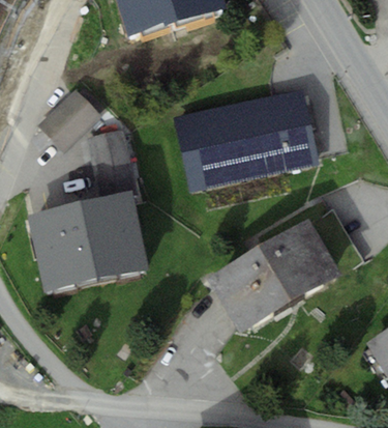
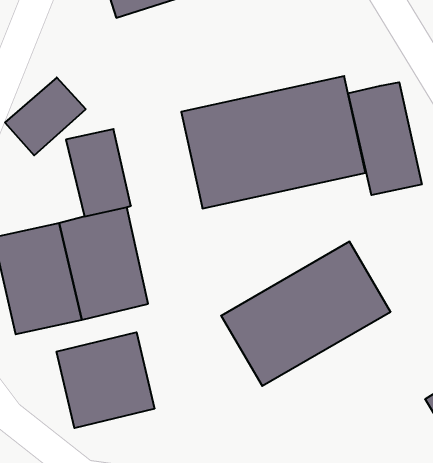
building: none -> [348,82,422,195]
building: none -> [57,332,154,428]

